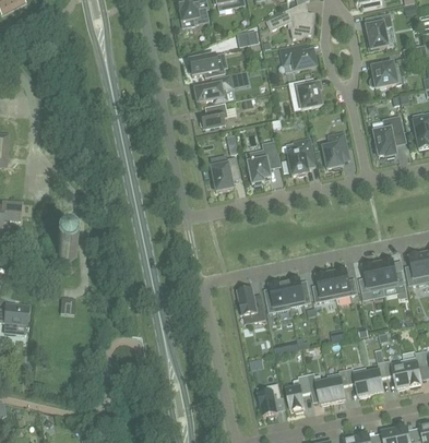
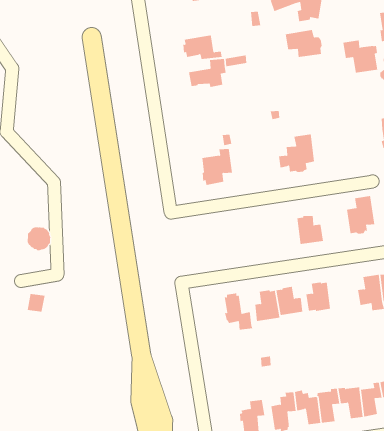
building: [288,79,322,109] -> [342,40,378,73]
building: [200,101,228,128] -> none
building: [322,132,349,168] -> [346,195,375,234]
building: [247,141,281,184] -> none
building: [332,270,358,297] -> [296,215,324,245]

